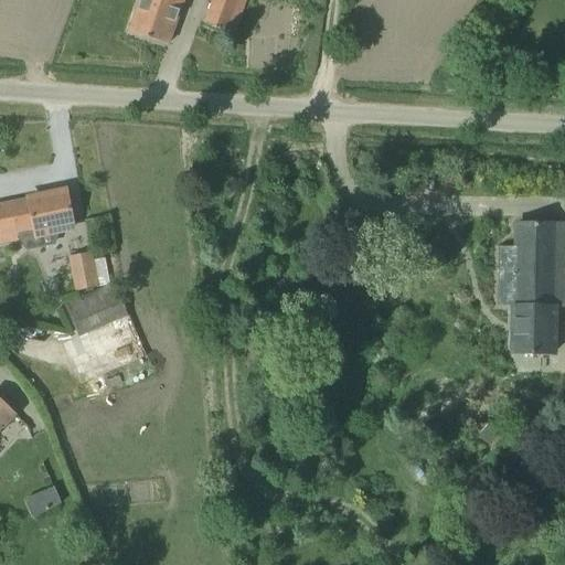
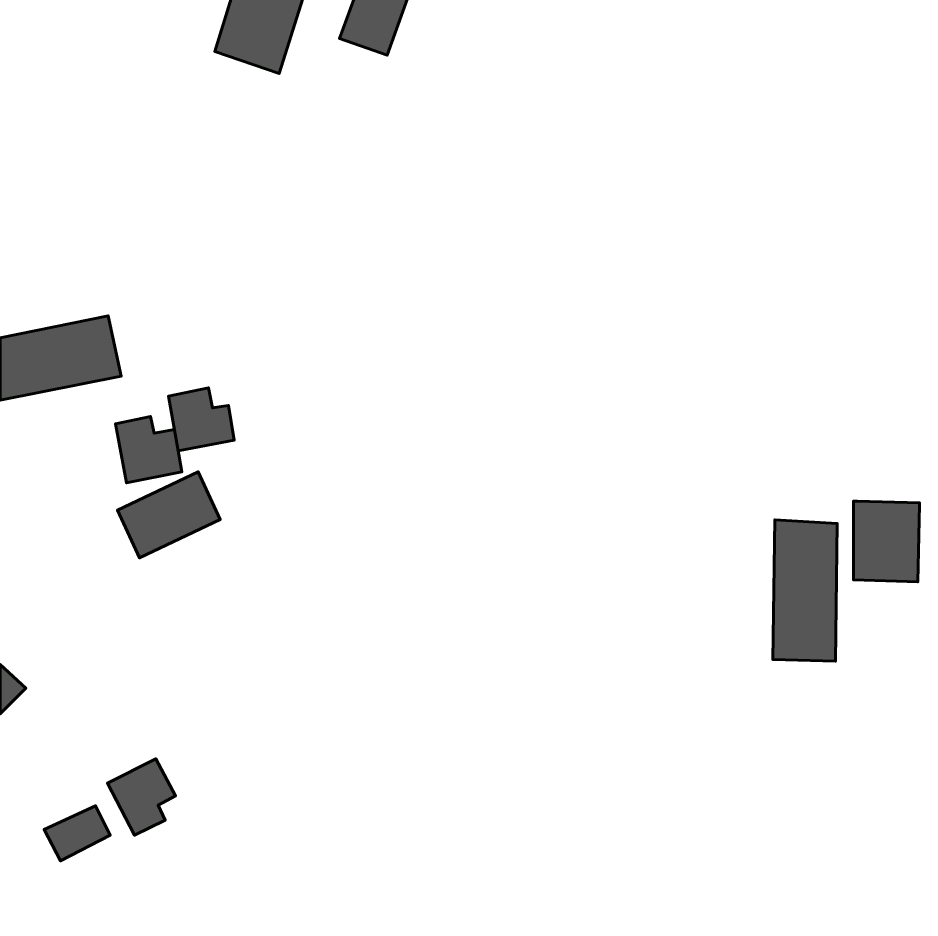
building: [515,217,554,302] -> [773,520,837,661]
building: none -> [169,388,234,451]
building: none -> [108,759,176,835]

